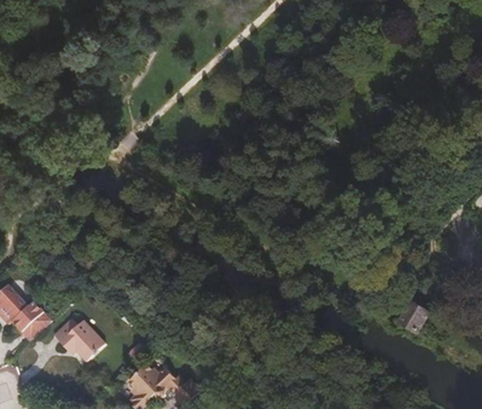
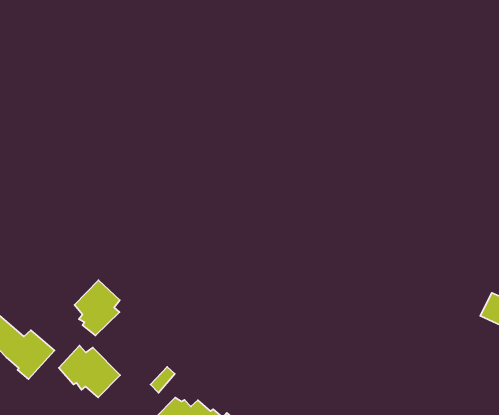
building: none -> [74,280,120,336]

